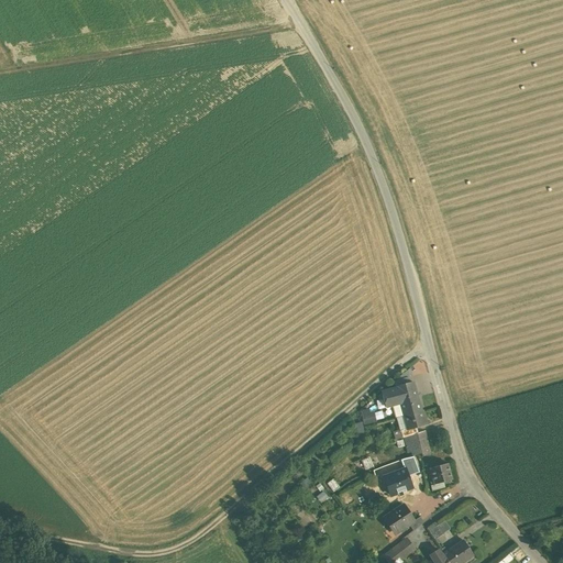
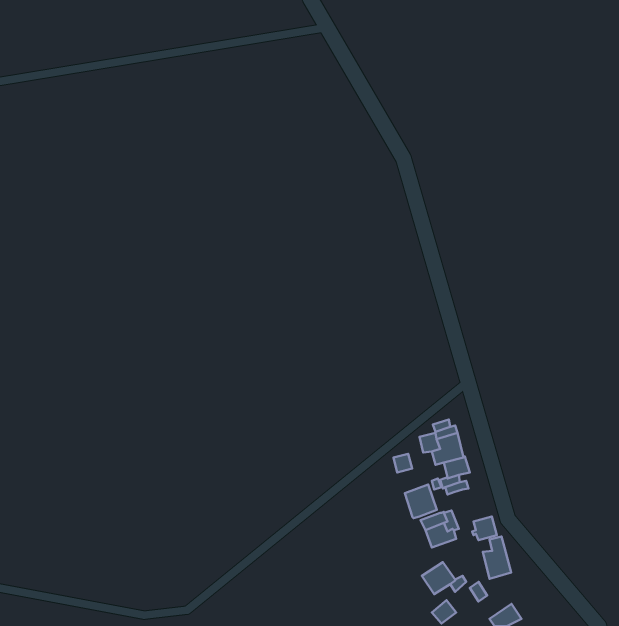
building: none -> [405,485,437,518]
building: none -> [483,537,511,579]

